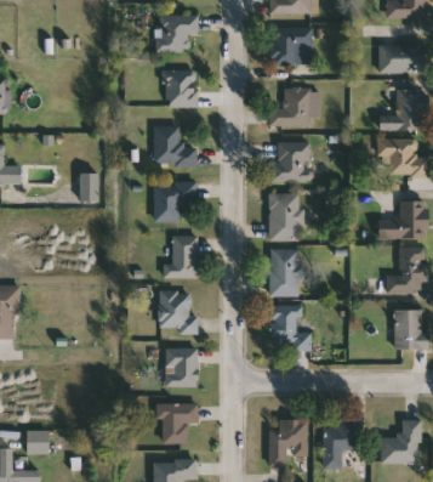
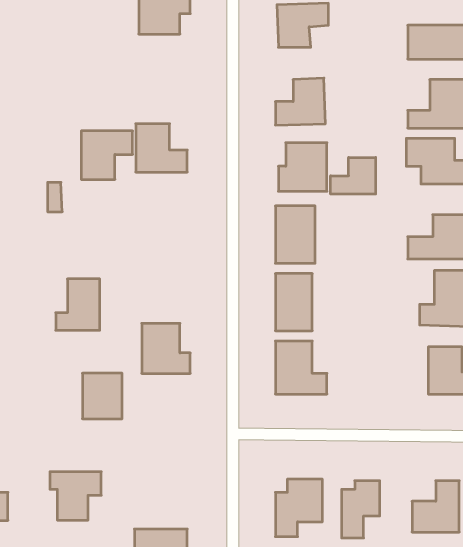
building: [164,69,195,107] -> none
building: none -> [331,157,376,194]
building: [153,181,195,221] -> [81,131,133,179]
building: [161,234,198,277] -> [56,279,100,330]
building: [164,348,196,386] -> [82,373,122,419]
building: [155,403,198,443] -> [50,472,101,520]

